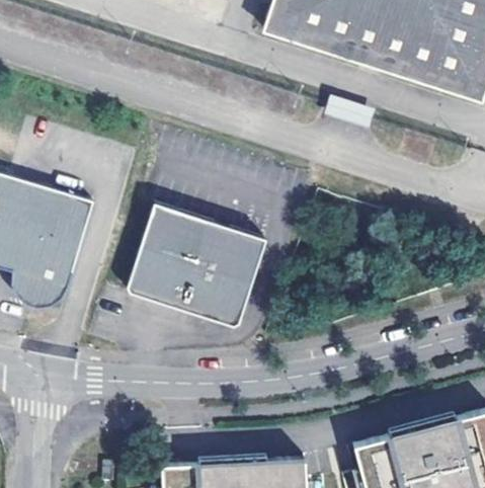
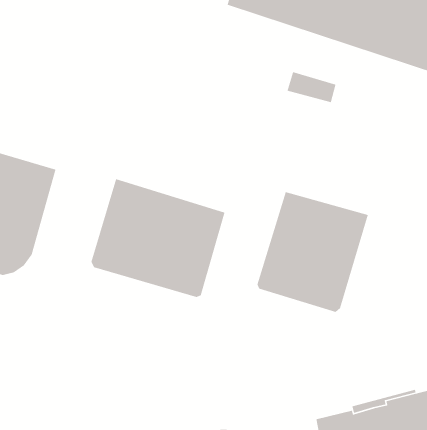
building: none -> [257,191,369,313]

